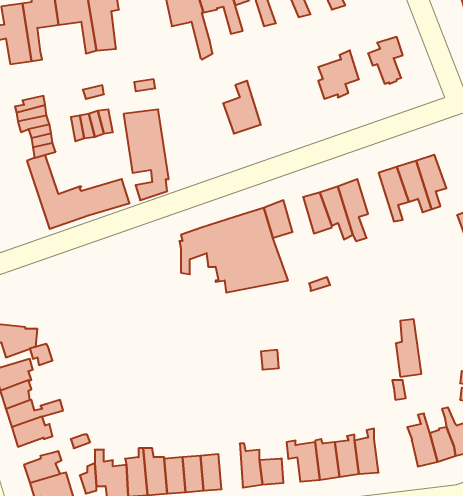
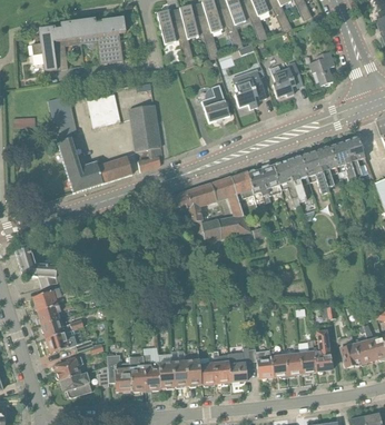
building: none -> [234,70,265,108]
building: none -> [300,151,329,195]
building: none -> [246,169,270,202]
building: [396,319,421,377] -> [313,329,332,372]
building: none -> [198,350,216,384]

